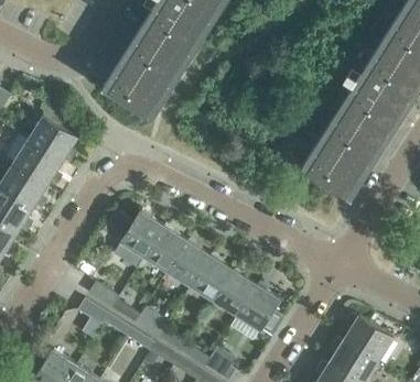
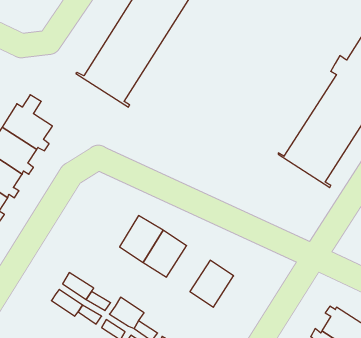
building: [120,211,163,258] -> none
building: [191,257,234,302] -> none
building: [237,286,284,337] -> none

